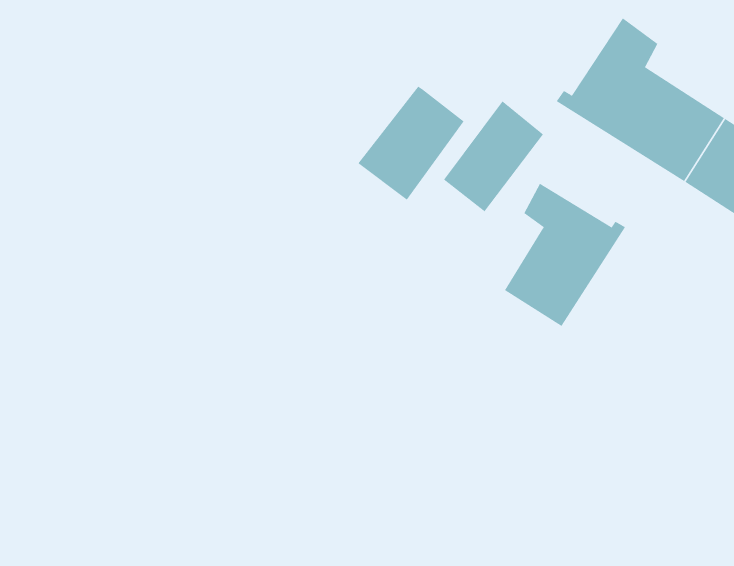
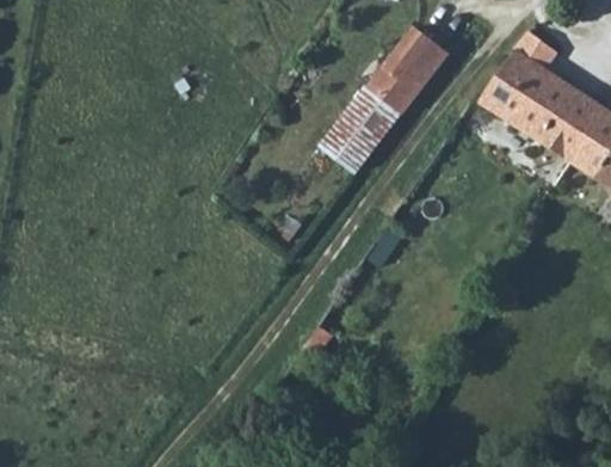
building: [443,100,544,212] -> [370,25,448,111]
building: [504,183,626,327] -> none

